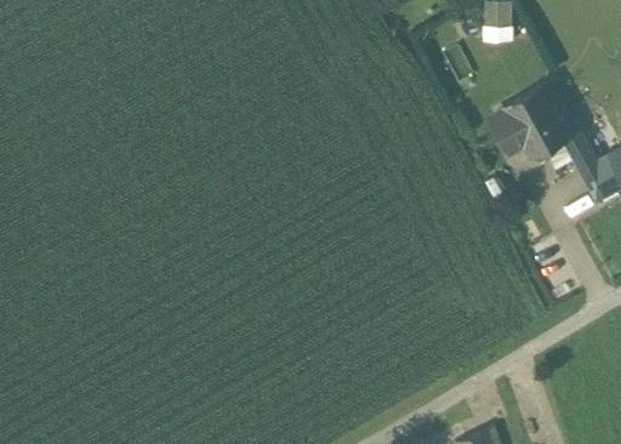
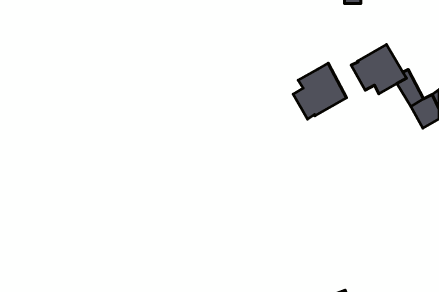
building: none -> [293,63,347,119]

